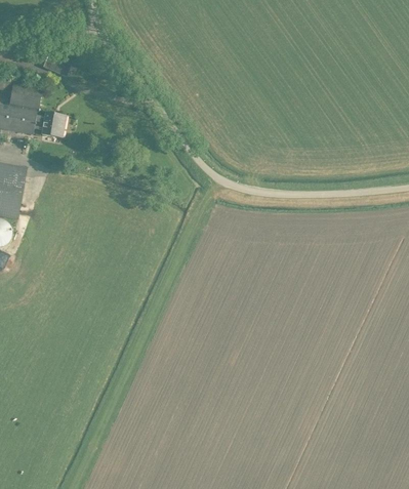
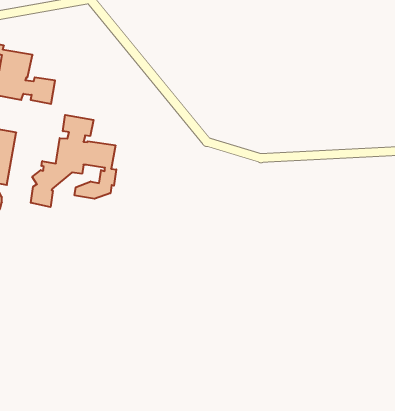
building: none -> [31,115,116,207]

